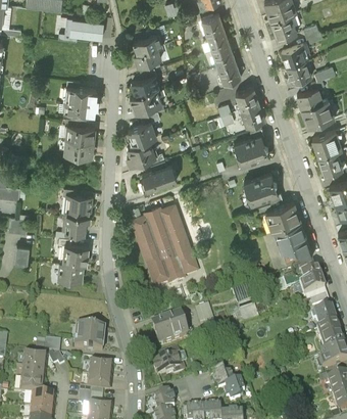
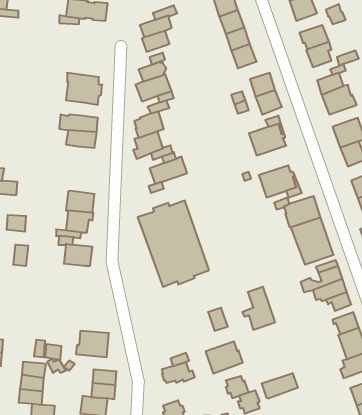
building: [58,262,83,282] -> none
building: [153,314,188,343] -> [206,341,243,373]
building: none -> [262,373,298,399]

